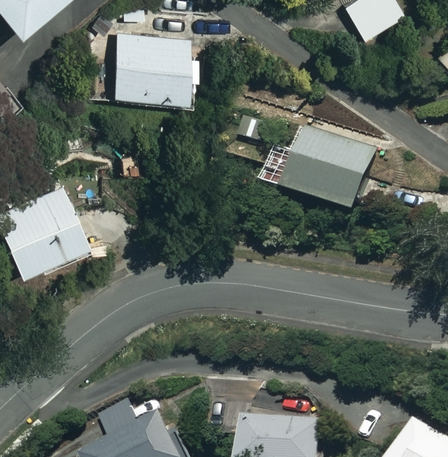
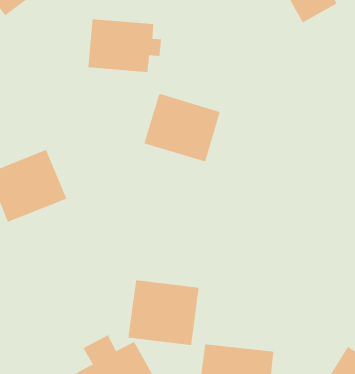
building: [287,128,377,209] -> [144,93,220,162]
building: none -> [128,279,199,346]

